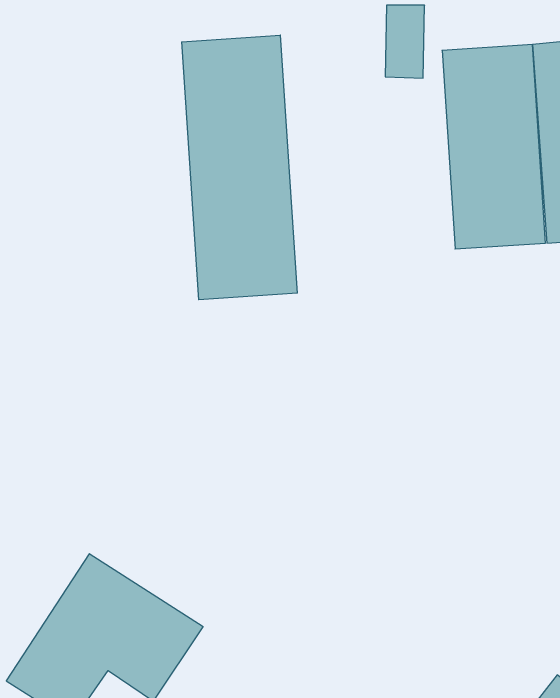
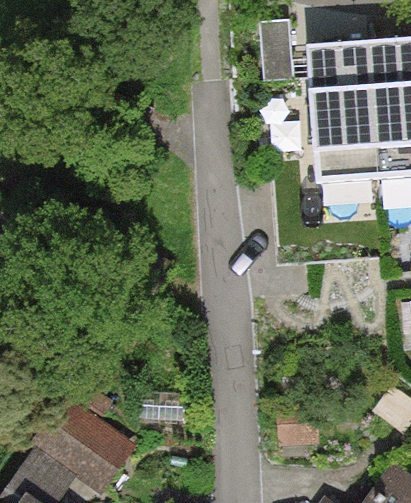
building: [182,35,297,300] -> none

